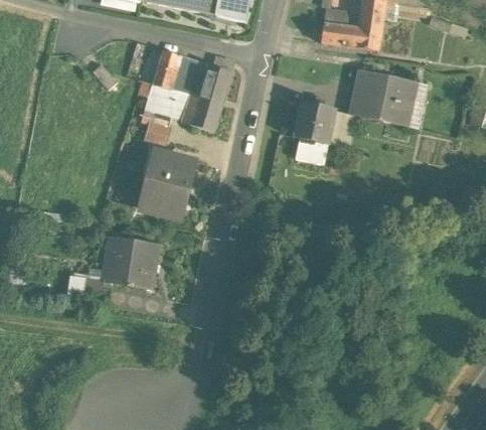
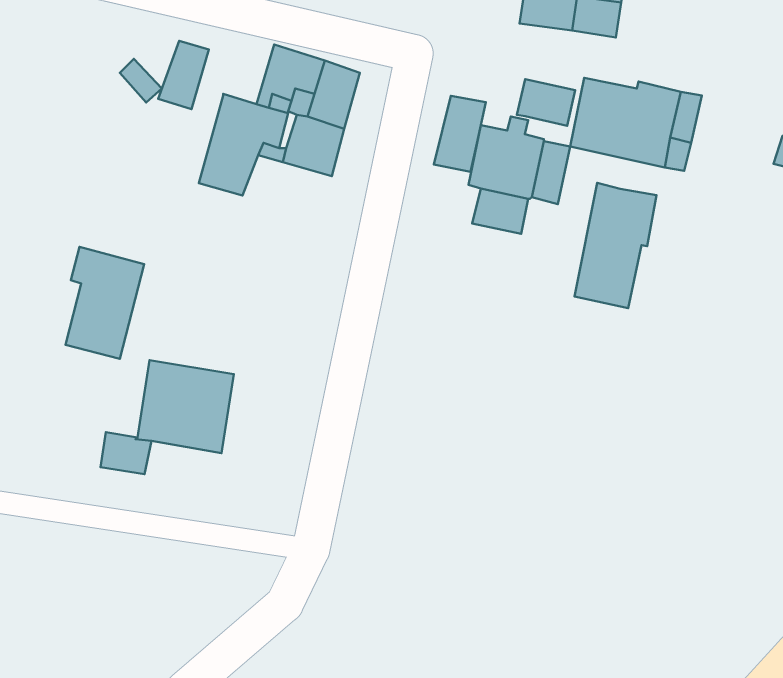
building: [151,48,180,88] -> [158,41,209,109]
building: none -> [517,79,575,126]
building: none -> [434,96,486,172]
building: none -> [574,183,656,308]
building: [148,151,193,216] -> [65,247,144,359]

